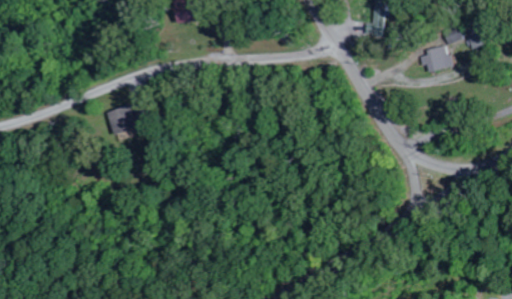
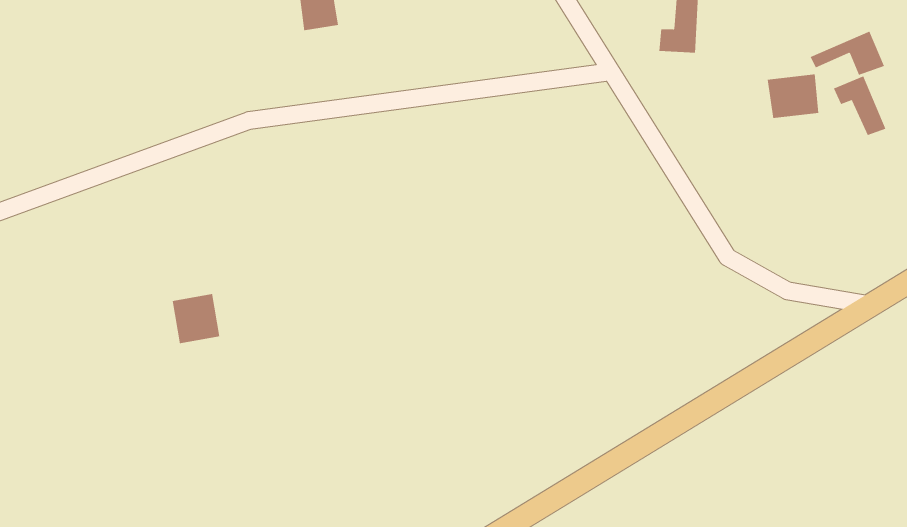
building: none -> [833,75,886,136]
building: [108,107,134,134] -> [172,293,220,344]

